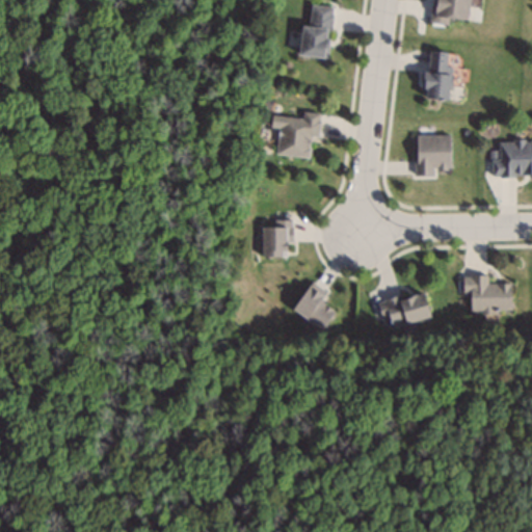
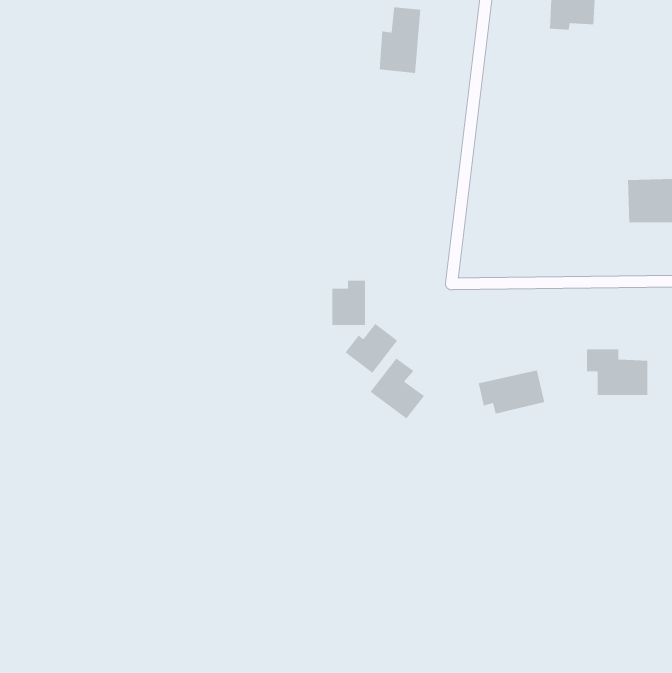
building: [425,51,452,98] -> none
building: [272,112,321,158] -> none
building: [417,134,452,176] -> none
building: none -> [345,323,398,374]

